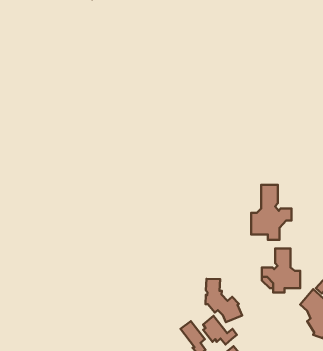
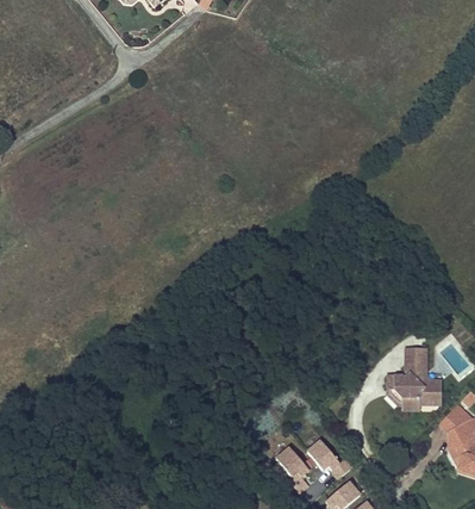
building: [251,185,292,240] -> none
building: [205,279,242,322] -> none

